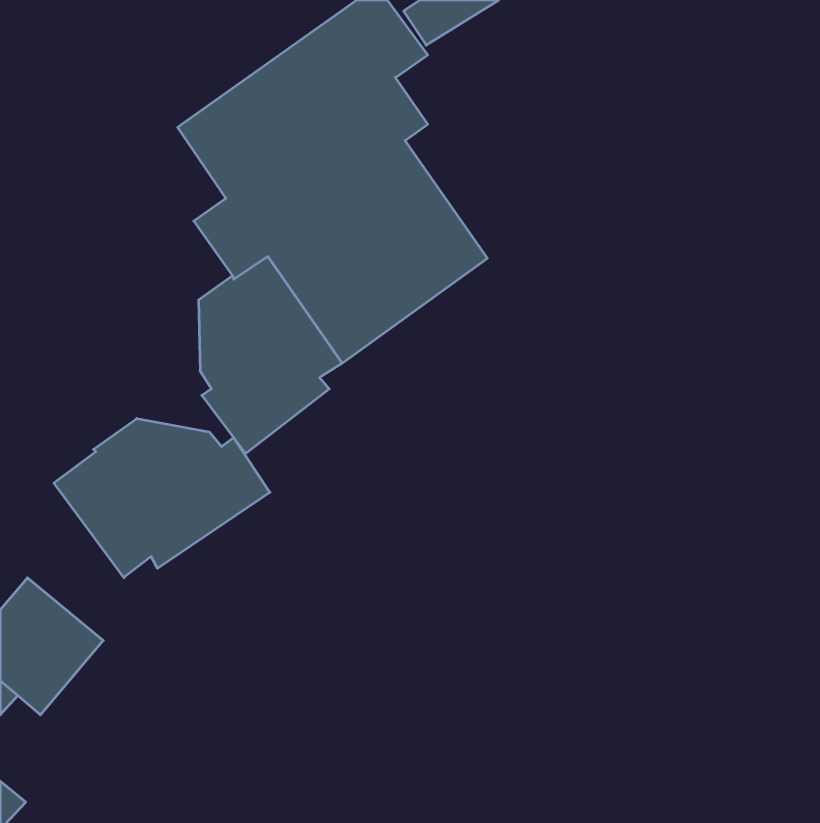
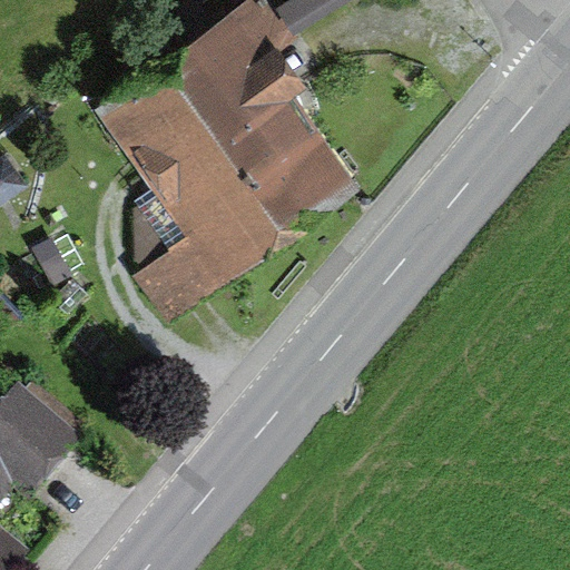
building: [54,418,270,578] -> none

